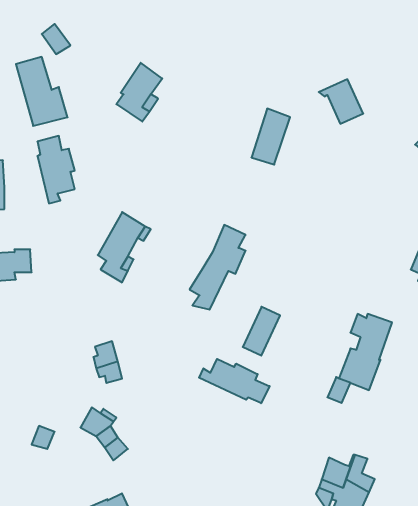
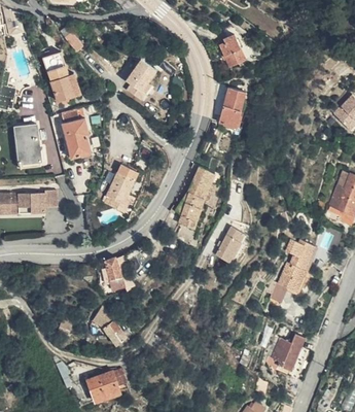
building: [319,79,363,124] -> [213,35,245,67]
building: [199,359,270,403] -> none

